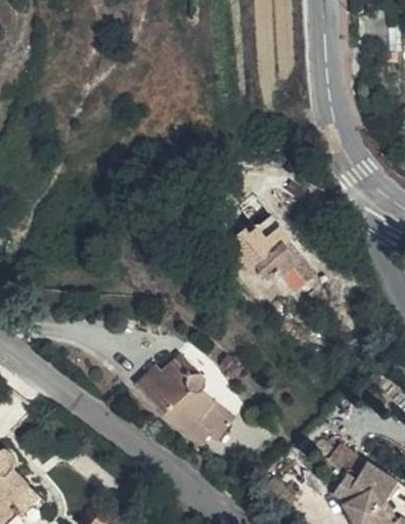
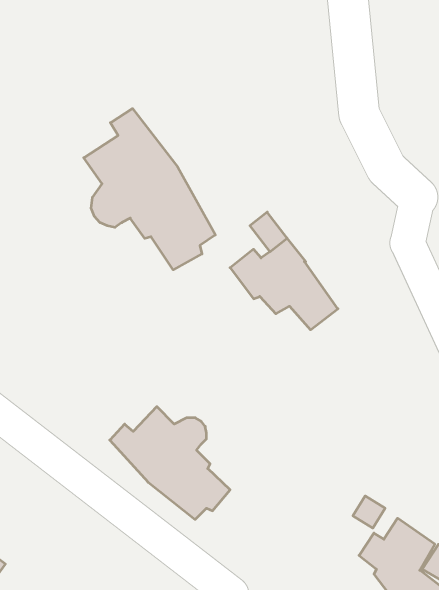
building: none -> [84,109,215,270]

